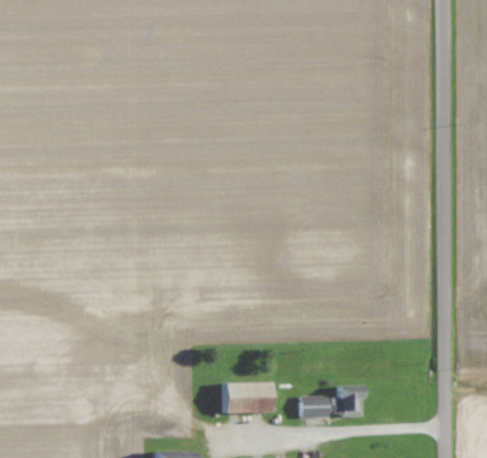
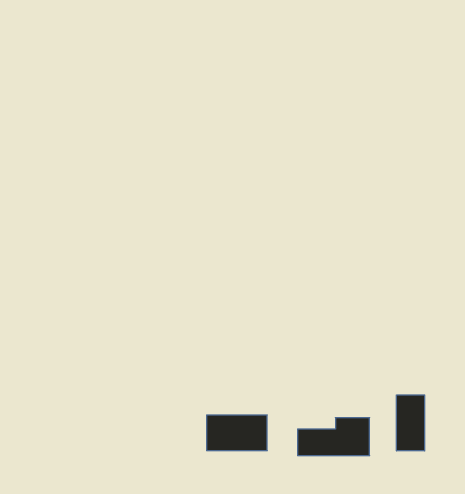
building: none -> [397,395,425,451]

